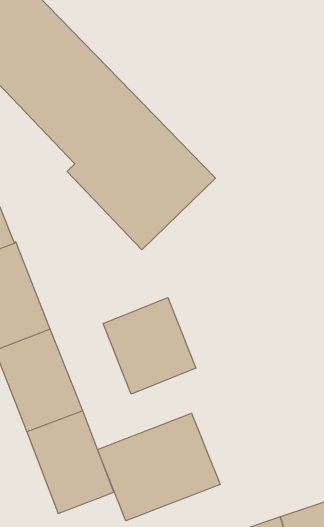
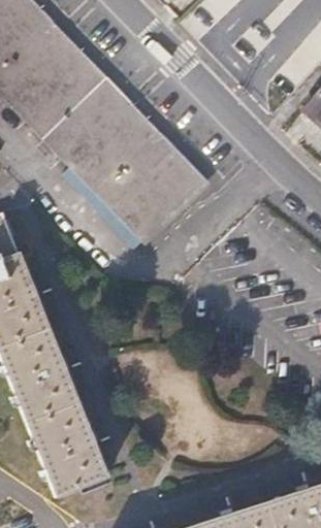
building: [103,298,196,394] -> none
building: [97,413,220,521] -> none

